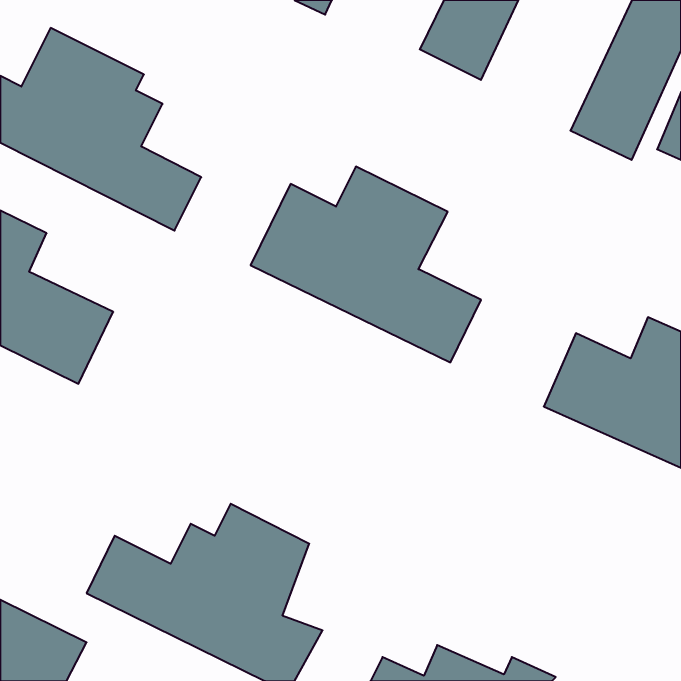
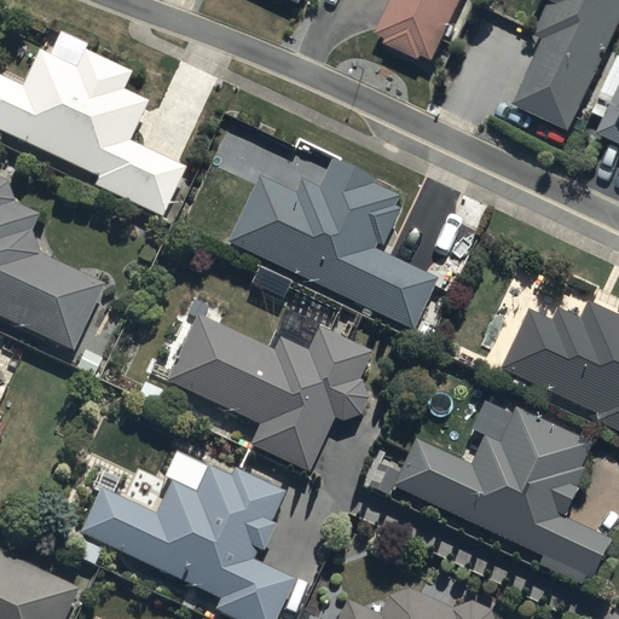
building: none -> [163,310,371,473]
building: none -> [388,404,604,578]

